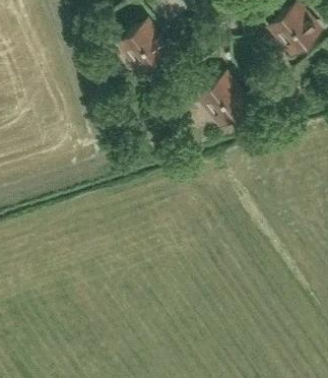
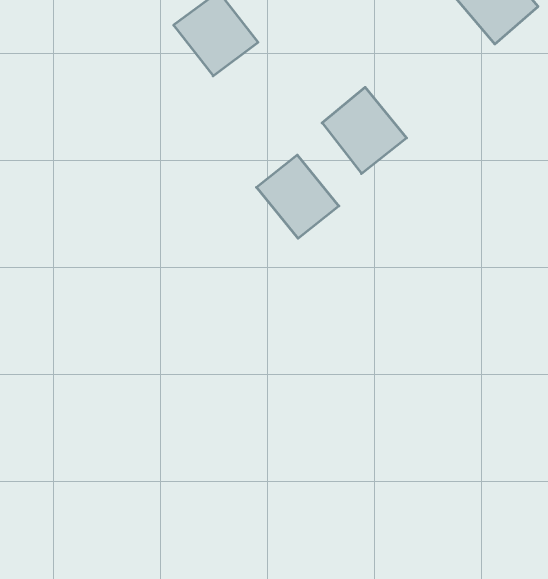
building: none -> [256,155,339,238]

